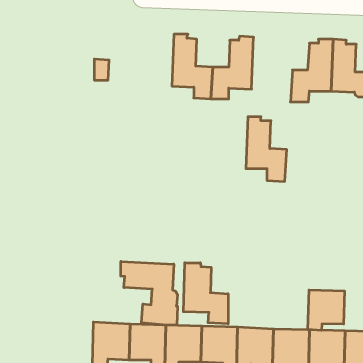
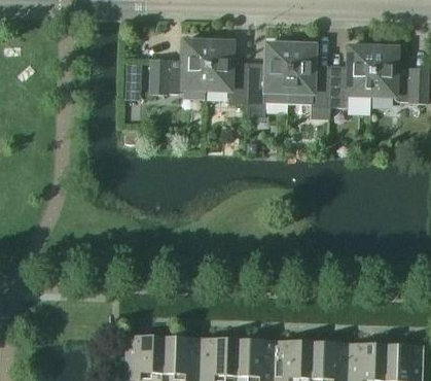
building: none -> [144,36,209,95]
building: [246,117,287,181] -> [289,40,331,107]
building: [121,261,177,325] -> none
building: [183,263,228,324] -> none
building: [308,290,344,330] -> none

